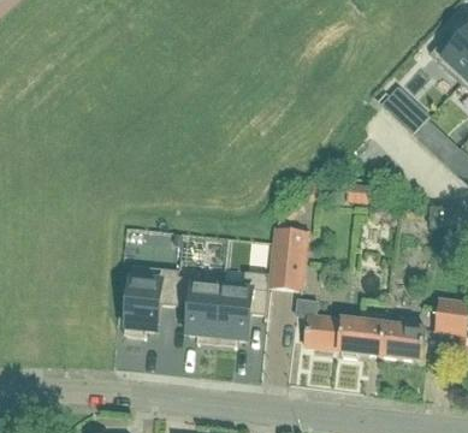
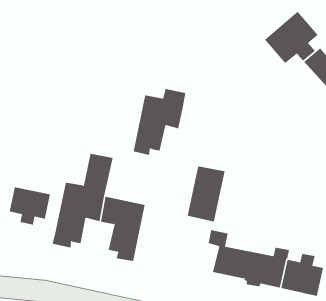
building: none -> [264,11,319,64]
building: [217,269,268,345] -> [133,88,186,155]
building: none -> [9,186,50,226]

